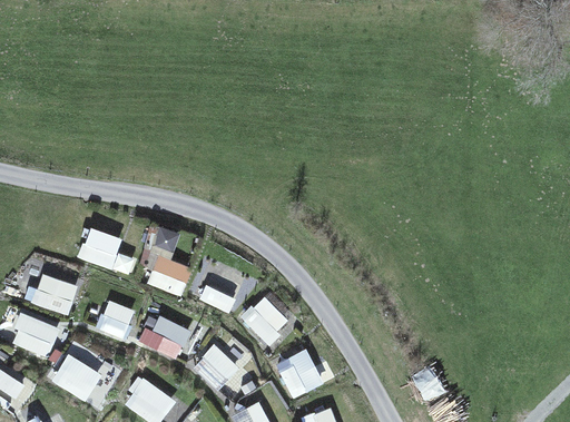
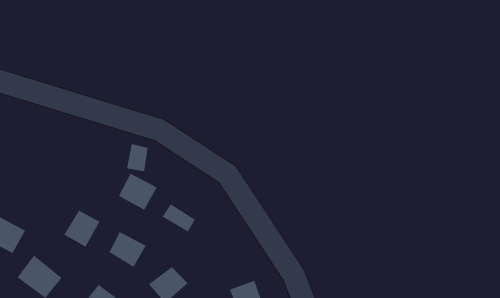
building: [78,228,120,266] -> none
building: [35,274,75,312] -> none
building: [243,297,287,340] -> none

